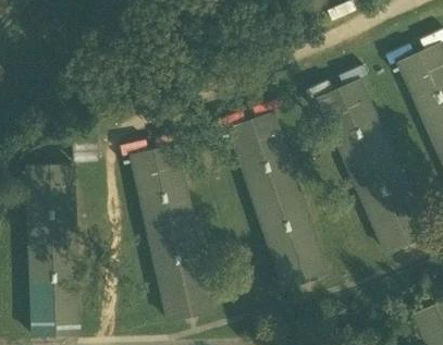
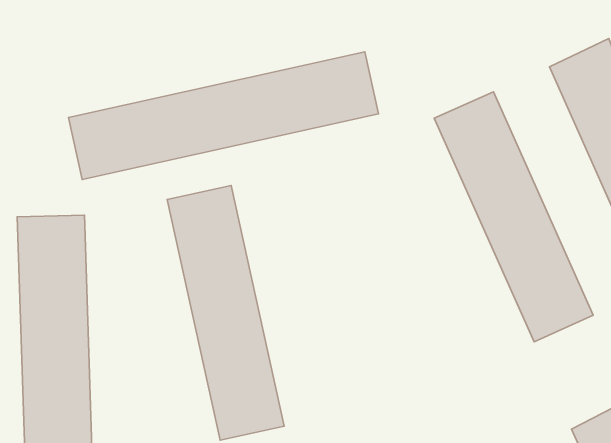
building: none -> [68,52,379,179]
building: [229,110,328,286] -> none

